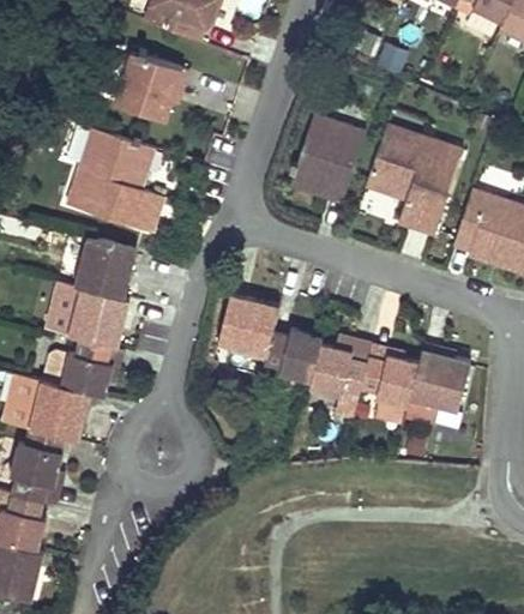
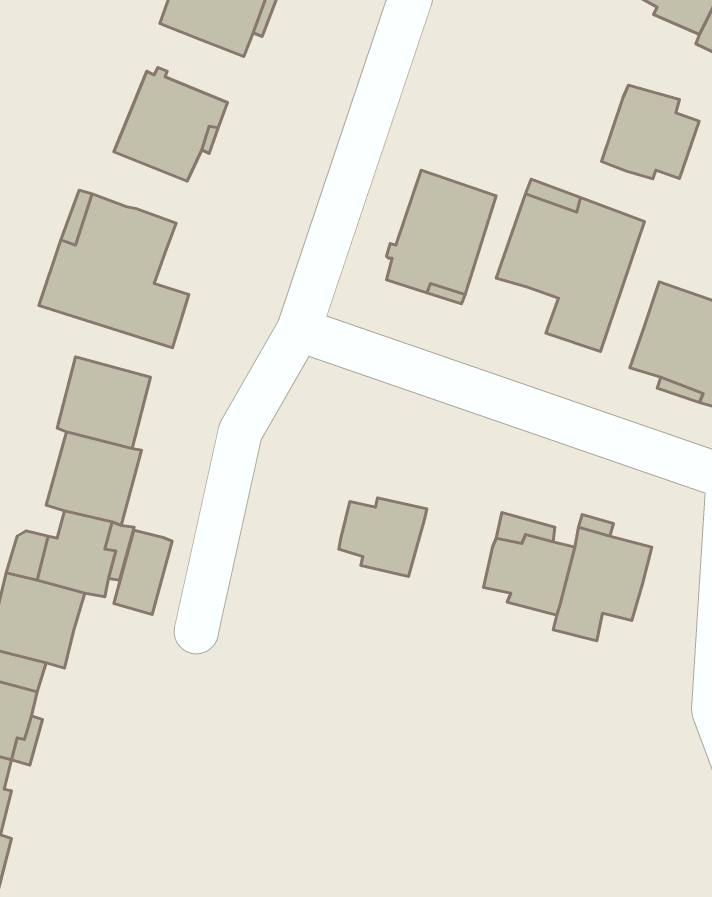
building: none -> [602,85,699,179]
building: [44,279,83,335] -> [114,530,172,614]
building: [213,294,276,356] -> none
building: [306,343,362,397] -> none

